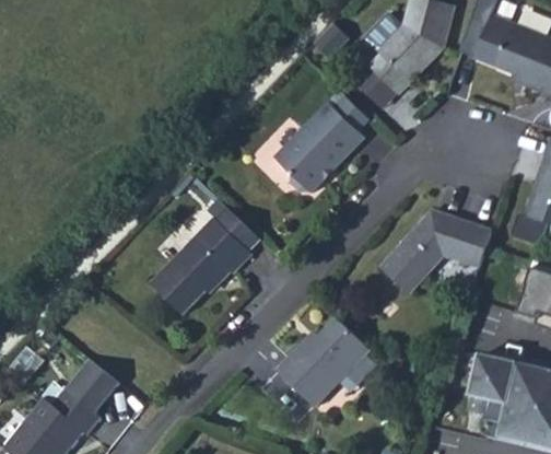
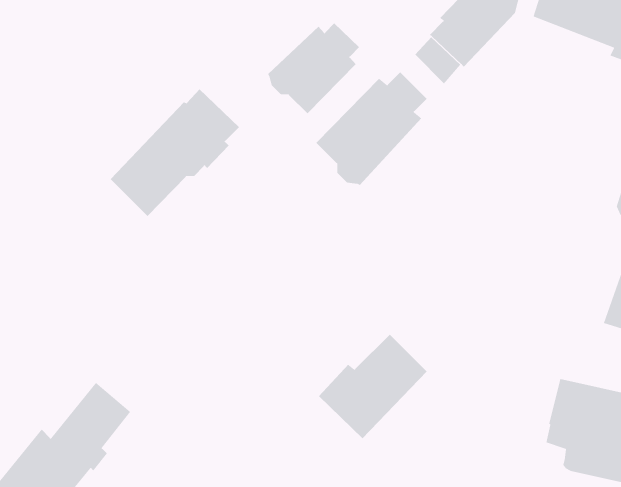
building: none -> [267,22,360,114]
building: [151,206,260,314] -> [110,88,240,217]
building: [380,210,491,292] -> none

